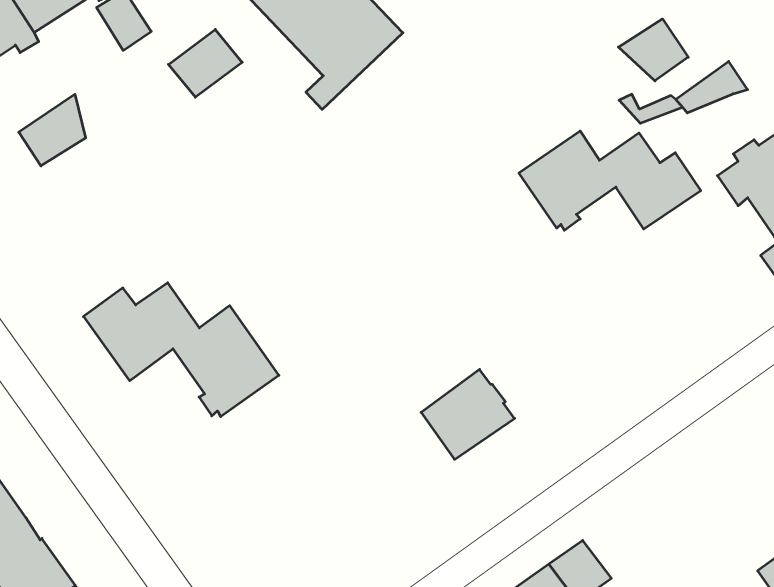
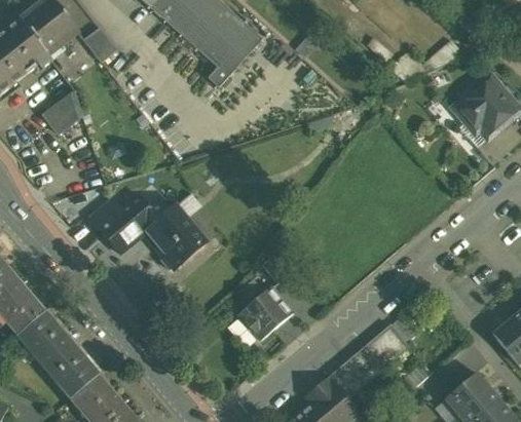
building: [618,19,688,81] -> none
building: [168,29,242,97] -> none
building: [519,131,701,230] -> none
building: [421,369,515,459] -> [238,285,293,339]

